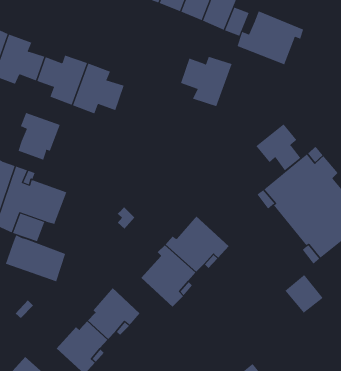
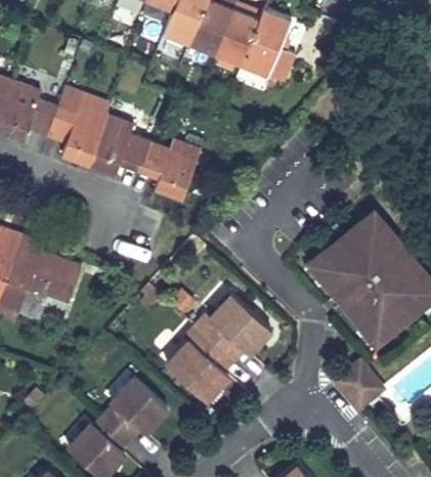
building: [237,11,304,65] -> none
building: [180,56,232,107] -> [139,138,201,198]
building: [18,112,61,161] -> none
building: [256,123,301,171] -> none
building: [5,235,66,282] -> none

